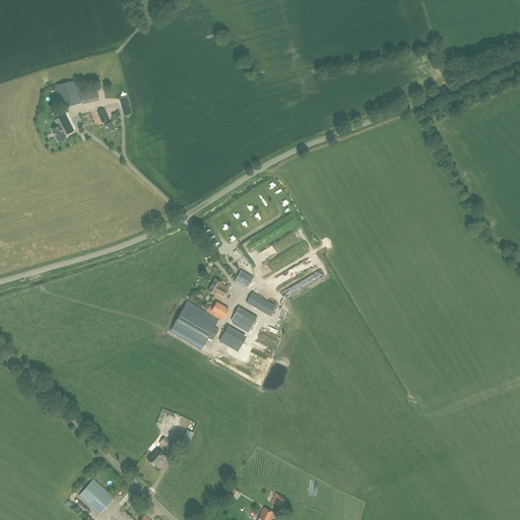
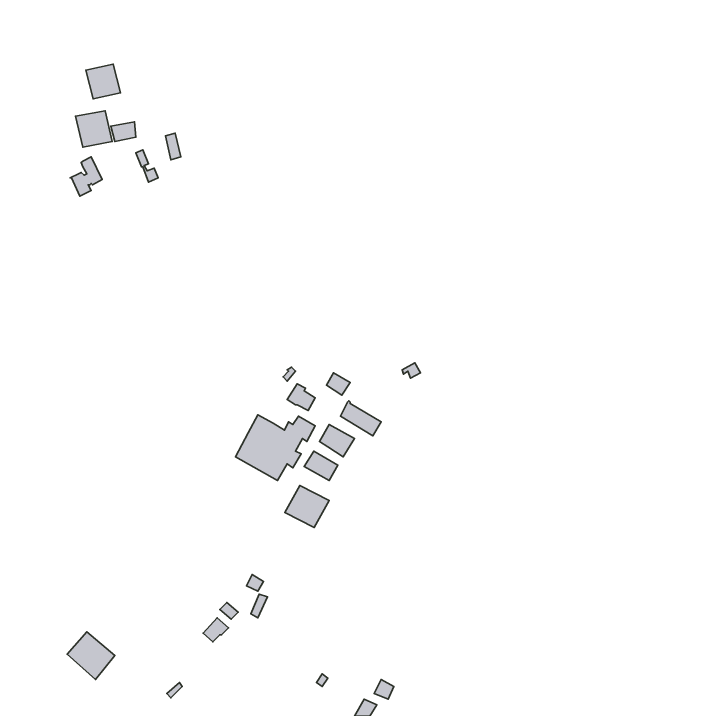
building: none -> [86,64,121,99]
building: none -> [285,485,329,527]
building: [79,479,114,514] -> [67,632,115,679]

